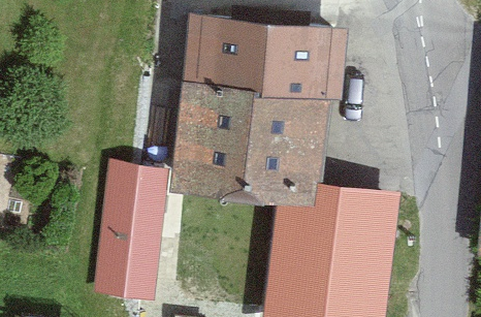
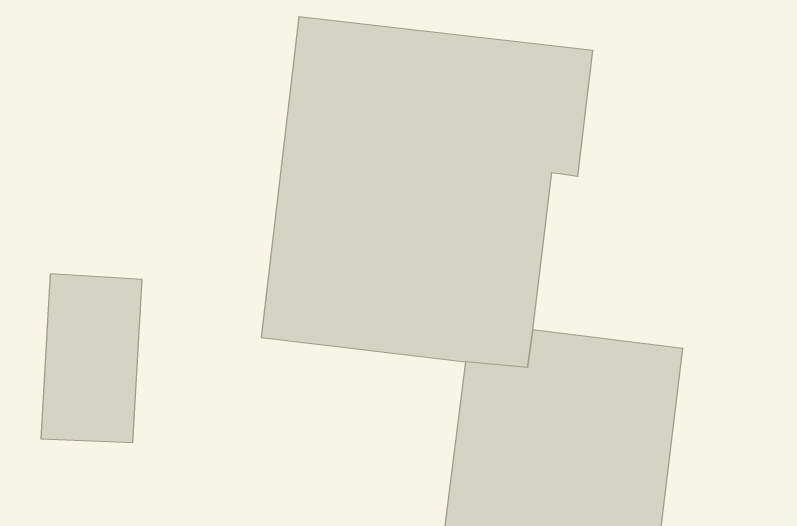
building: [103,183,159,276] -> [41,274,142,443]

